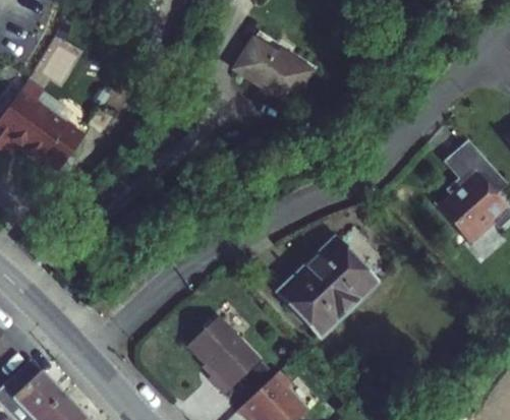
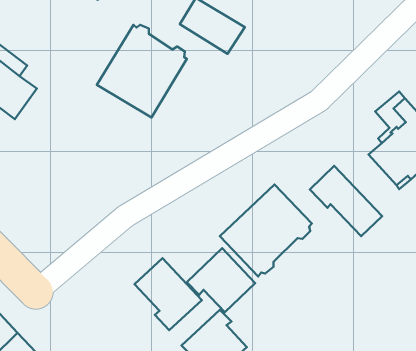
building: none -> [97,25,187,118]
building: none -> [310,166,382,236]
building: none -> [187,248,255,312]

